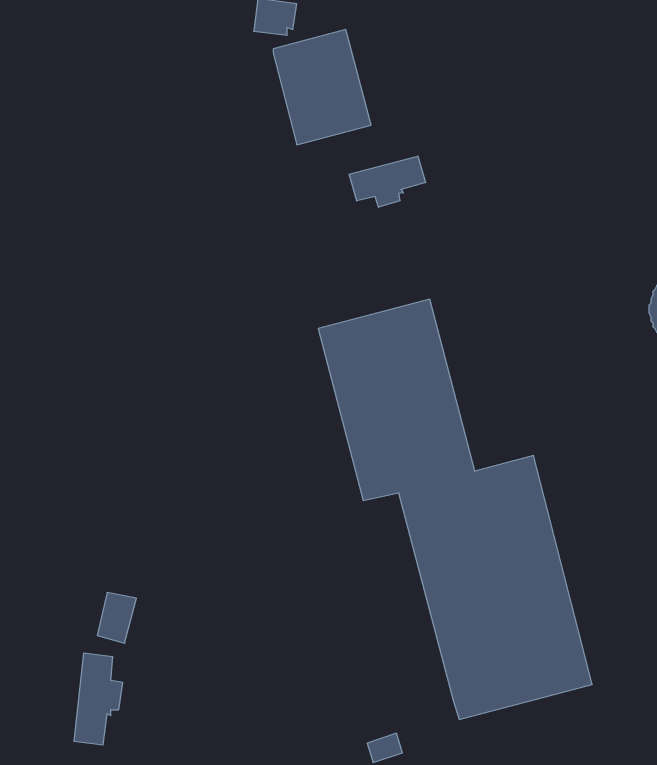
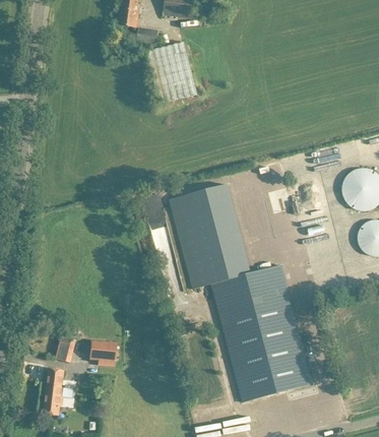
building: [349,156,426,207] -> none
building: none -> [89,340,117,367]

